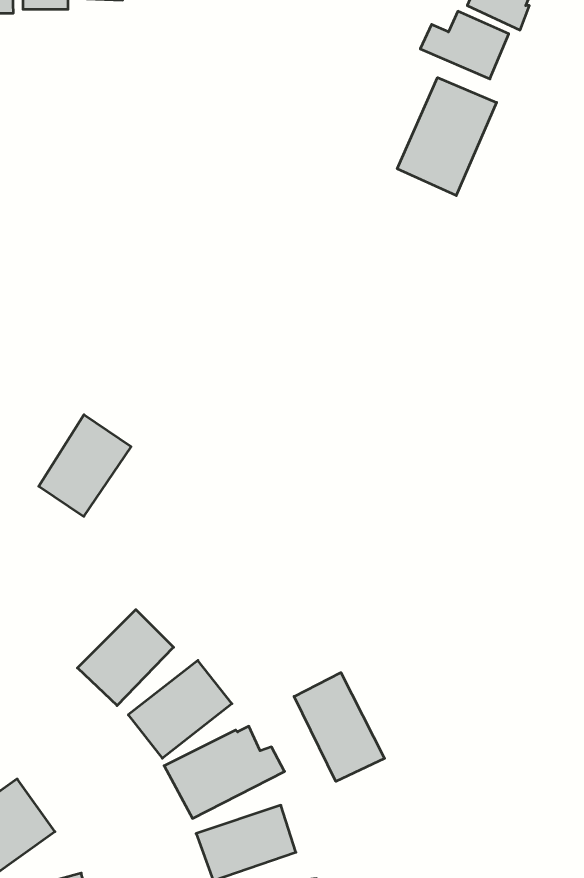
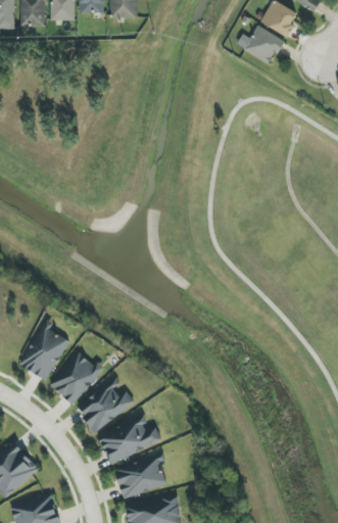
building: [397,78,497,196] -> none
building: [39,415,131,516] -> [20,325,70,380]
building: [294,673,385,781] -> none

